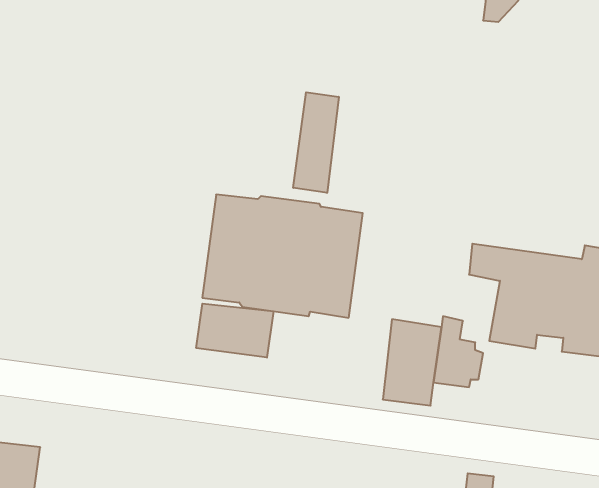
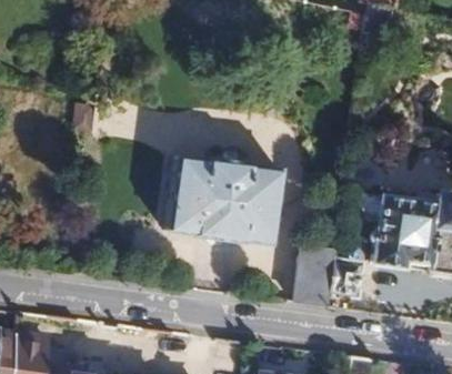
building: [293,92,339,193] -> none
building: [196,304,273,358] -> none

